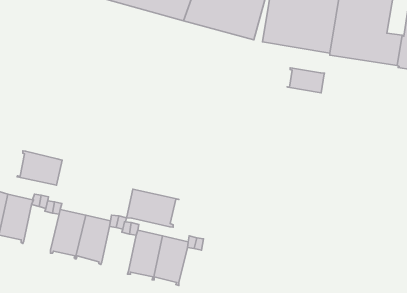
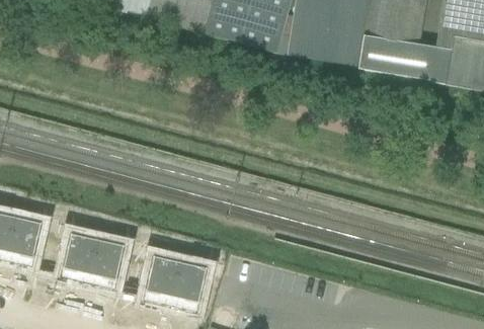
building: [287,68,324,93] -> none
building: [17,151,62,185] -> none
building: [127,189,179,227] -> none

